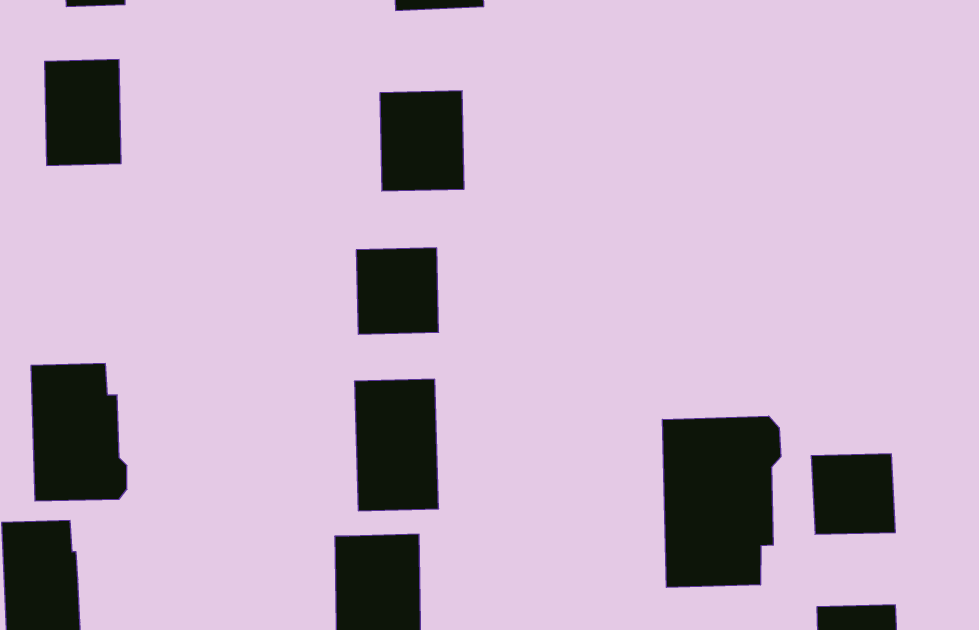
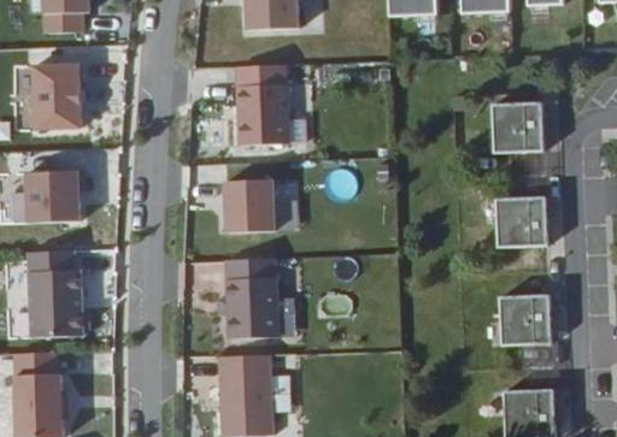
building: none -> [499,111,550,160]
building: none -> [23,167,82,219]
building: none -> [501,205,552,254]
building: [662,416,781,587] -> none

